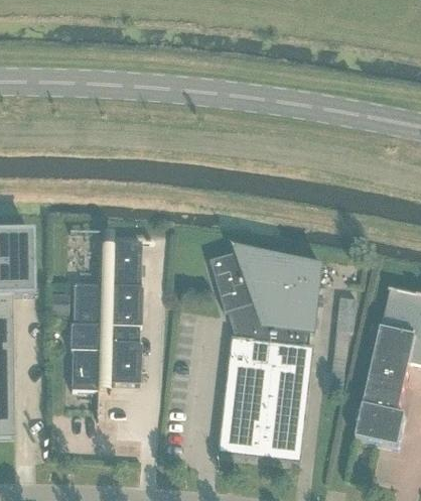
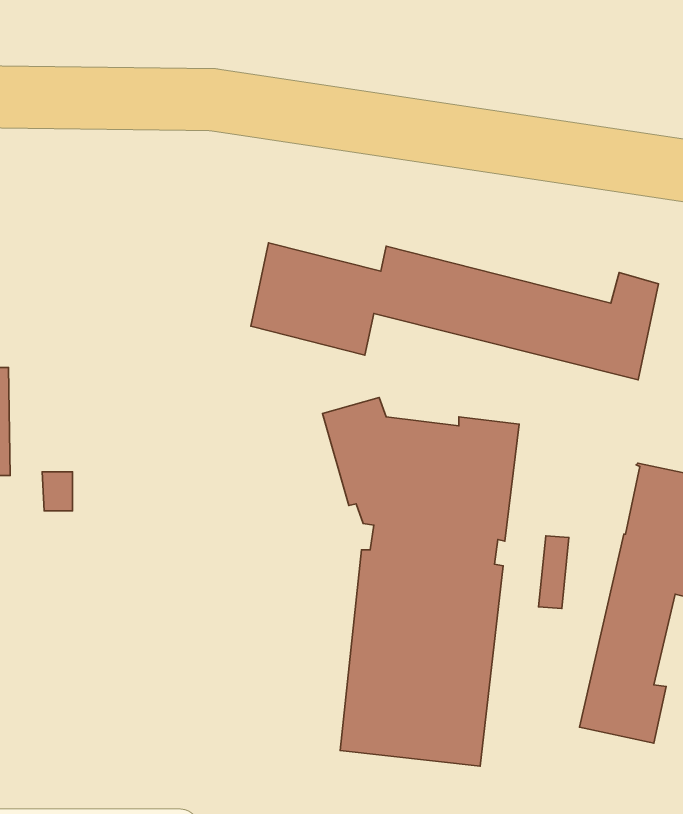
building: none -> [251,243,658,380]
building: [68,228,153,416] -> none

